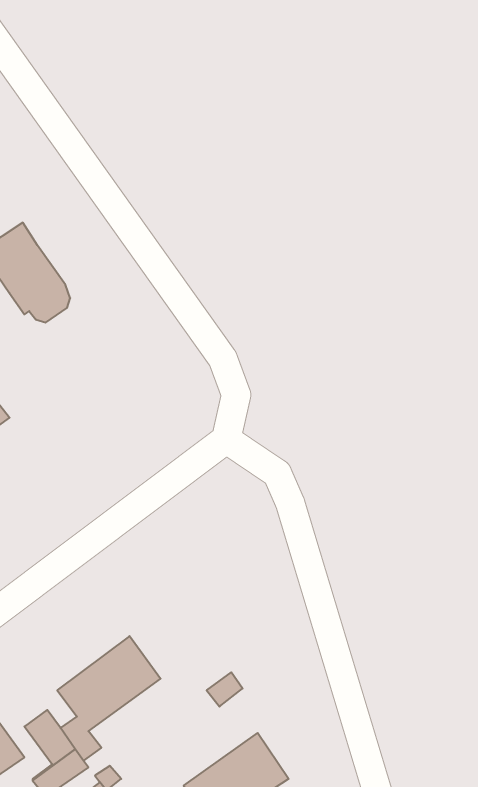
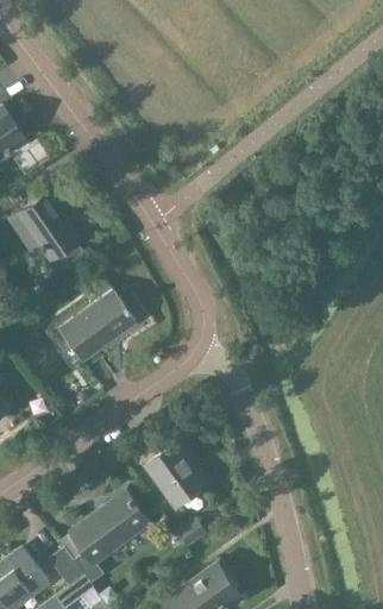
building: none -> [58,291,133,368]
building: none -> [145,444,207,508]

